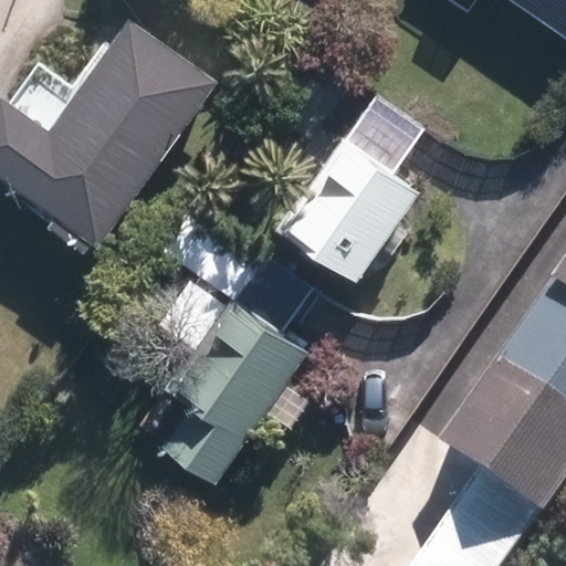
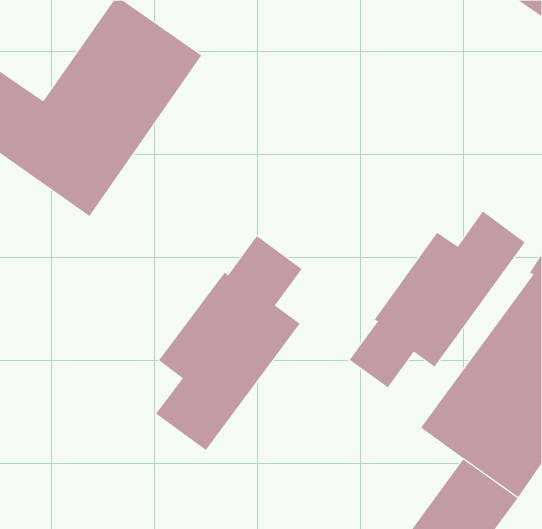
building: [277,112,420,284] -> none
building: none -> [349,210,526,388]

